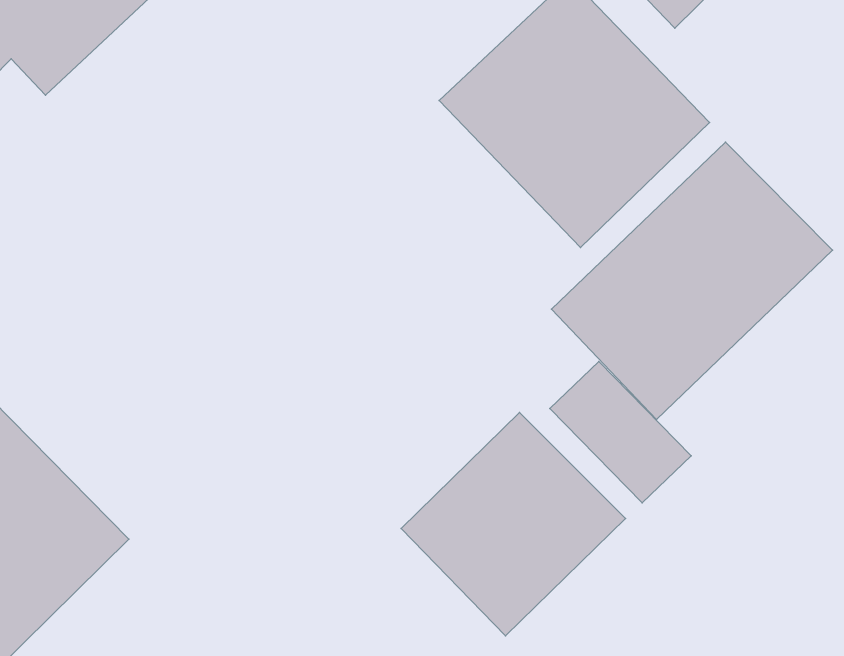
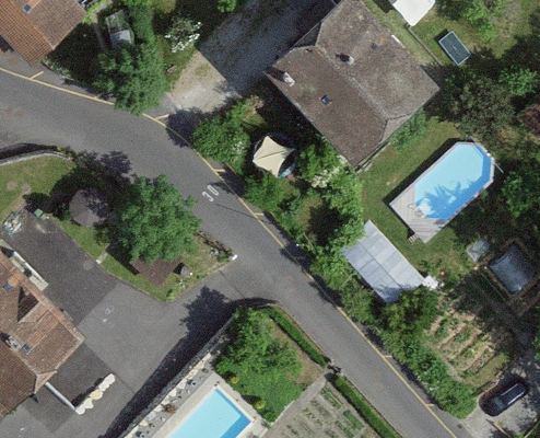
building: [552,142,832,419] -> none
building: [401,412,625,636] -> none

